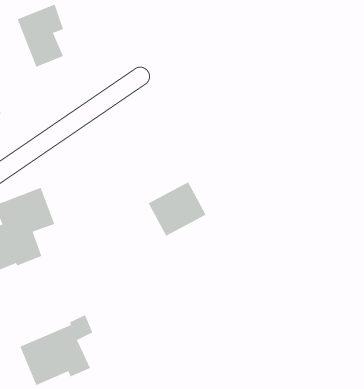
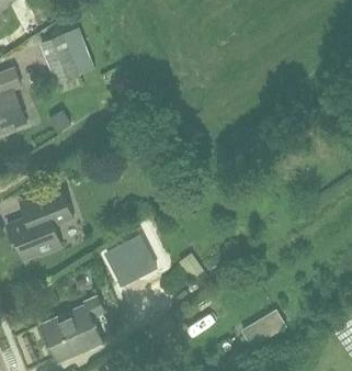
building: [148,182,206,236] -> [105,237,156,284]
building: none -> [241,310,284,346]

